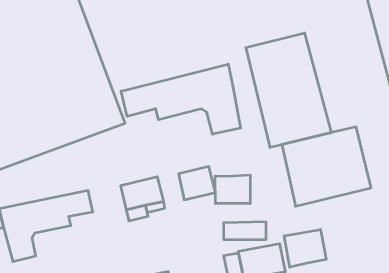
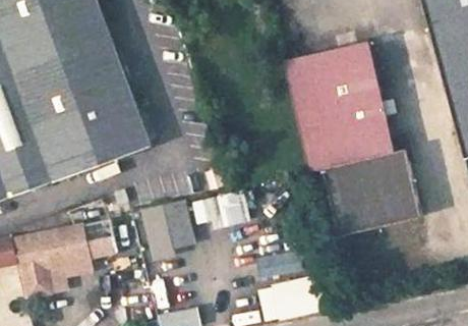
building: none -> [349,40,397,154]
building: [121,64,241,134] -> none
building: [215,175,250,204] -> none
building: [284,229,326,267] -> none

